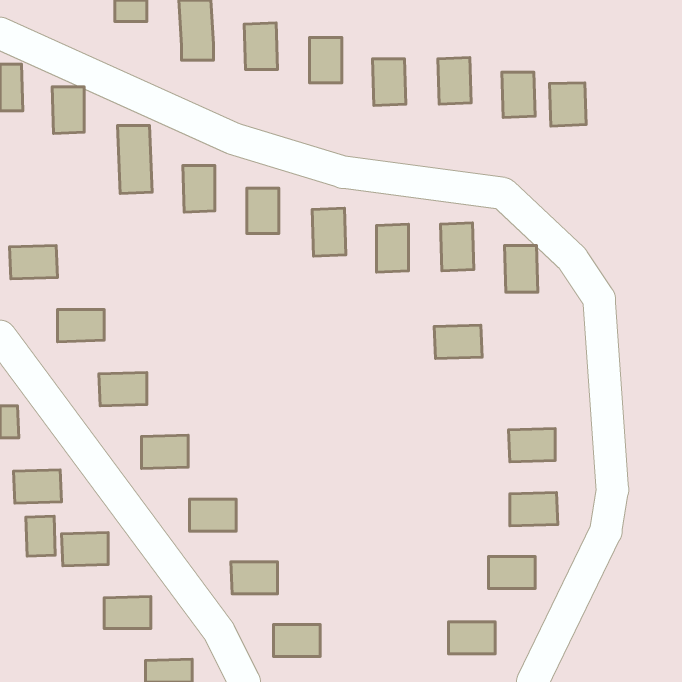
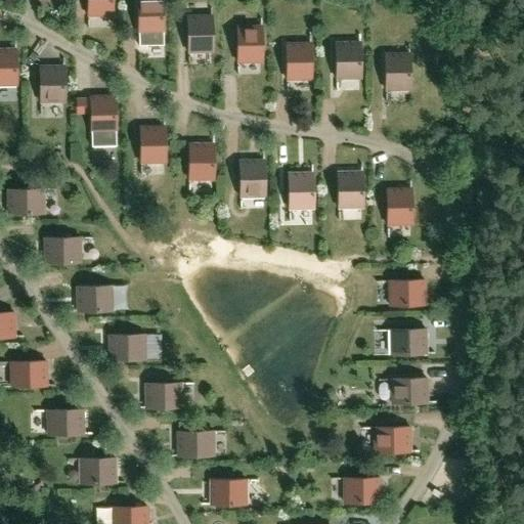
building: [549,83,586,126] -> none
building: [434,325,482,358] -> [389,279,426,305]
building: [26,516,55,556] -> none

